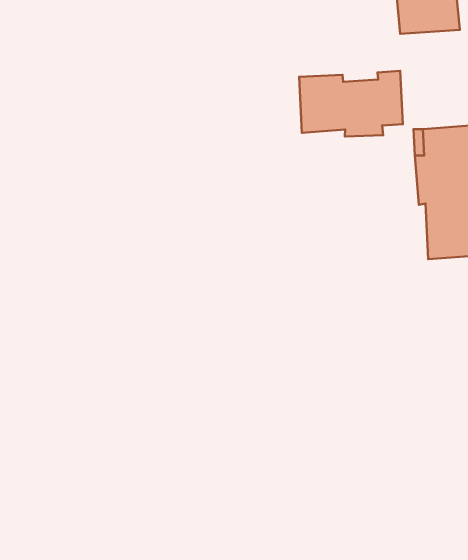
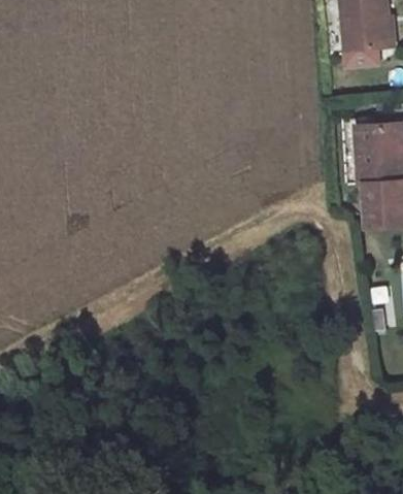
building: [299,71,403,136] -> none

